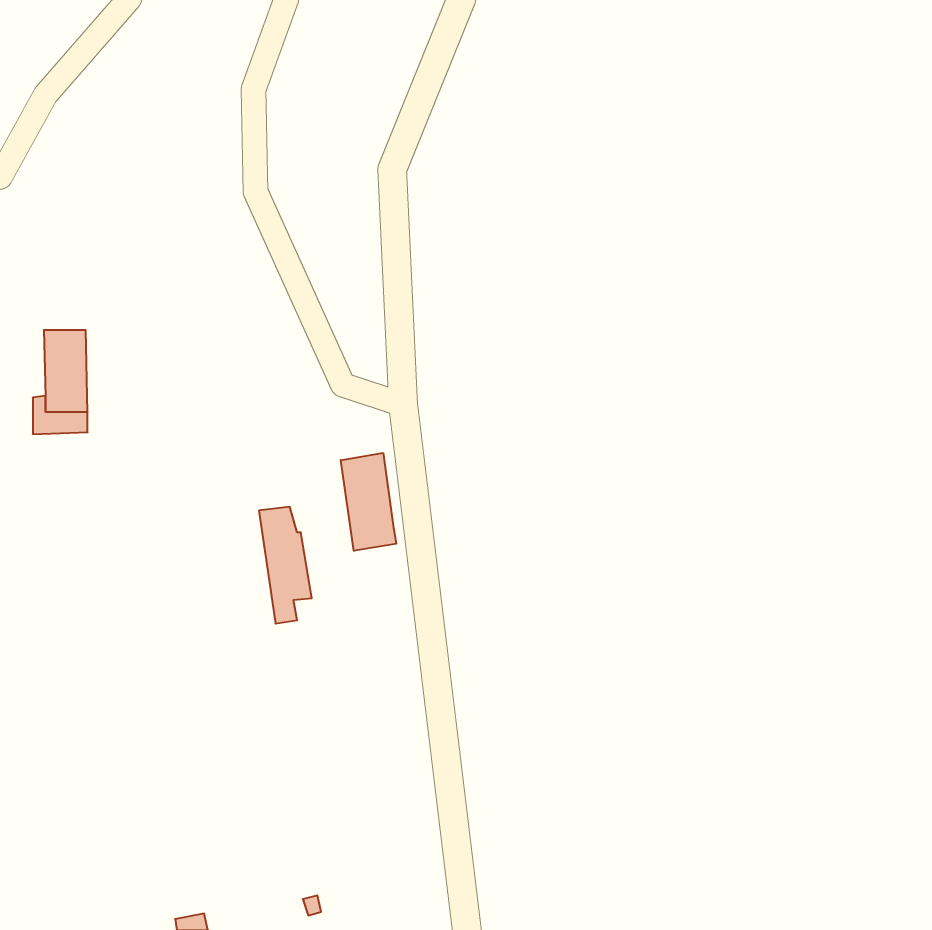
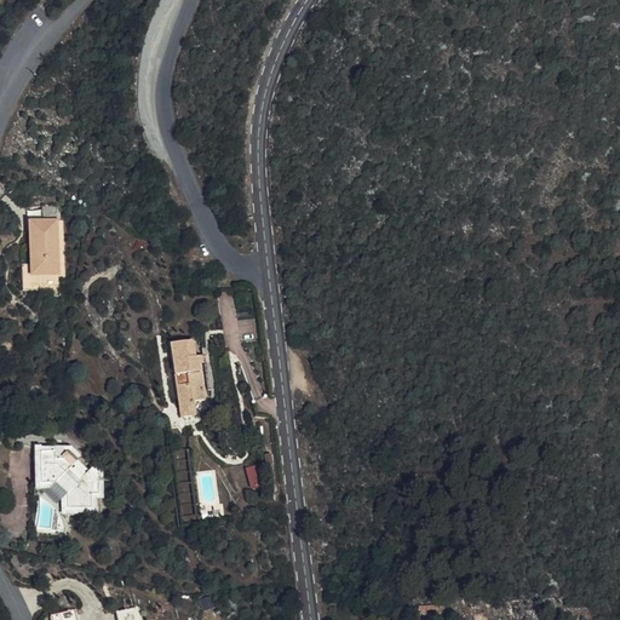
building: [341,453,396,551] -> none
building: none -> [38,452,96,510]

